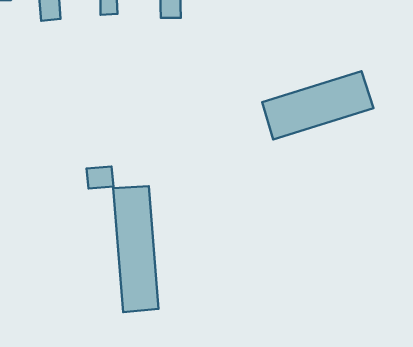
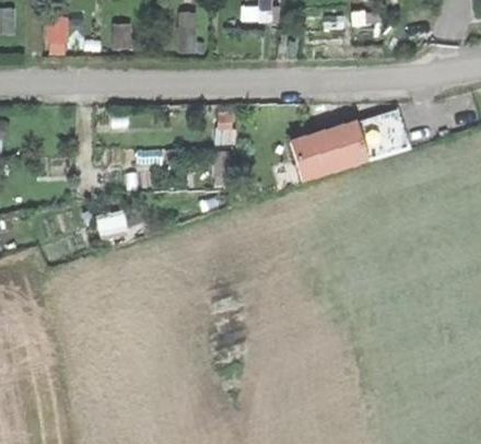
building: [113,186,158,312] -> none

